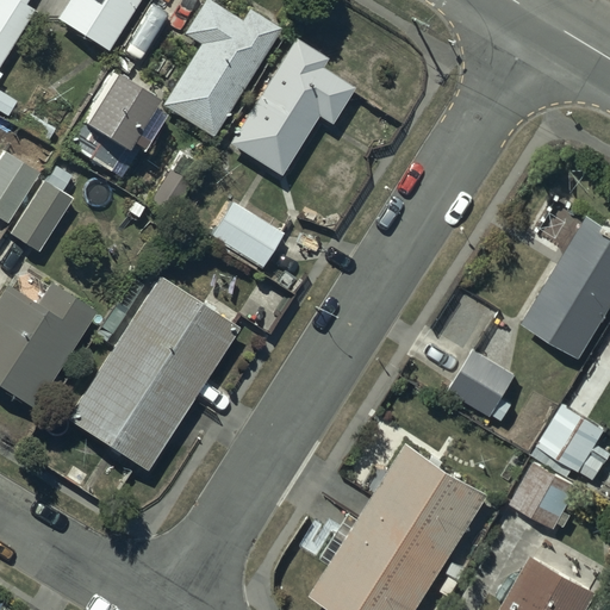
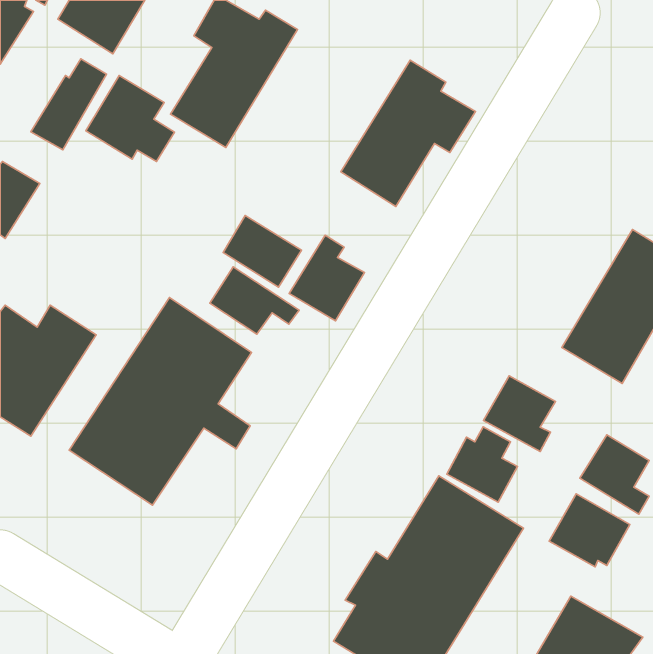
building: [229,39,354,175] -> [341,60,476,206]
building: [10,166,80,250] -> [31,59,106,150]
building: none -> [289,235,364,321]
building: none -> [210,267,299,334]
building: none -> [447,427,518,502]

